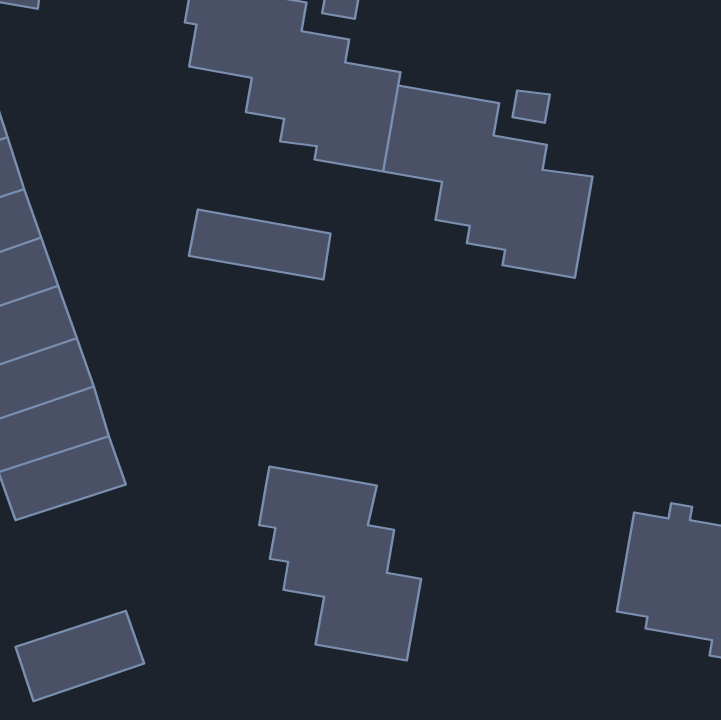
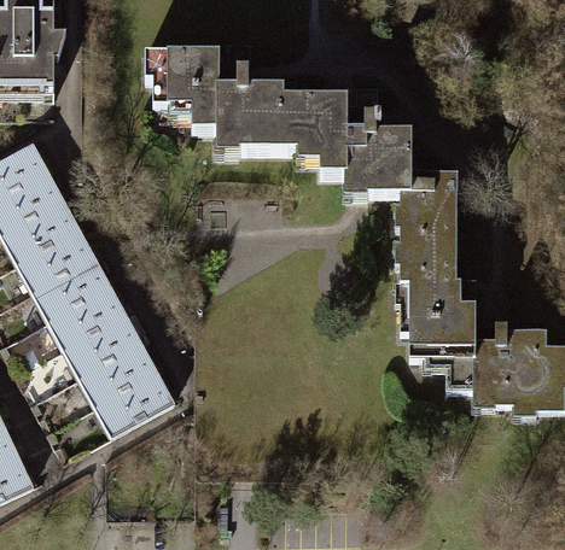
building: [189,210,330,279] -> none
building: none -> [400,159,473,388]
building: [259,467,421,661] -> none
building: [15,611,144,701] -> [94,370,175,435]

